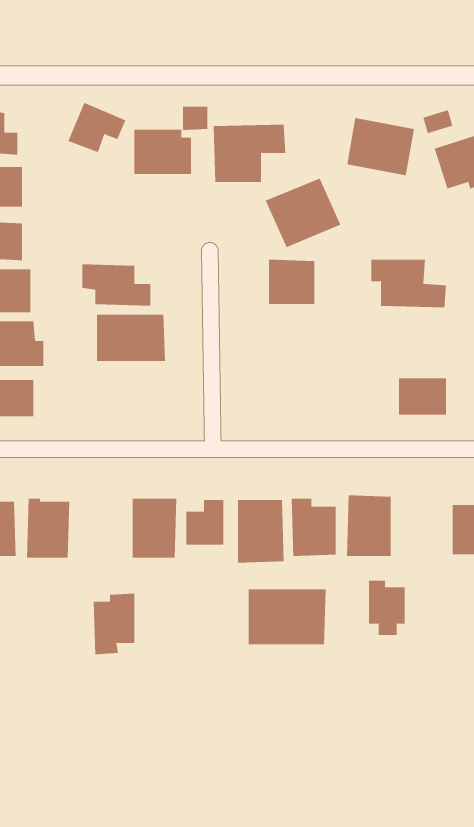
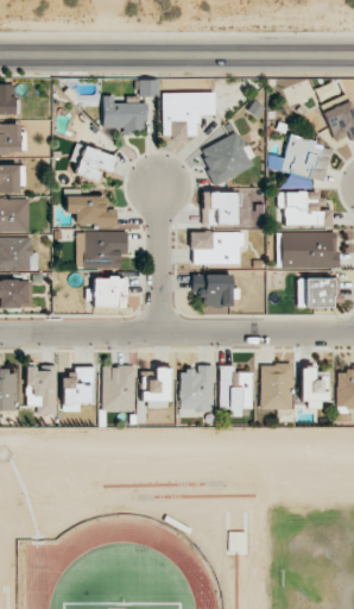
building: [68,102,126,153] -> [74,145,116,182]
building: [347,117,415,176] -> [282,137,331,180]
building: none -> [191,232,241,264]
building: none -> [277,232,336,268]
building: none -> [201,275,235,307]
building: none -> [93,278,126,306]
building: [368,580,405,635] -> [301,368,328,408]
building: [248,588,326,645] -> none
building: [93,593,135,655] -> [62,366,93,412]

